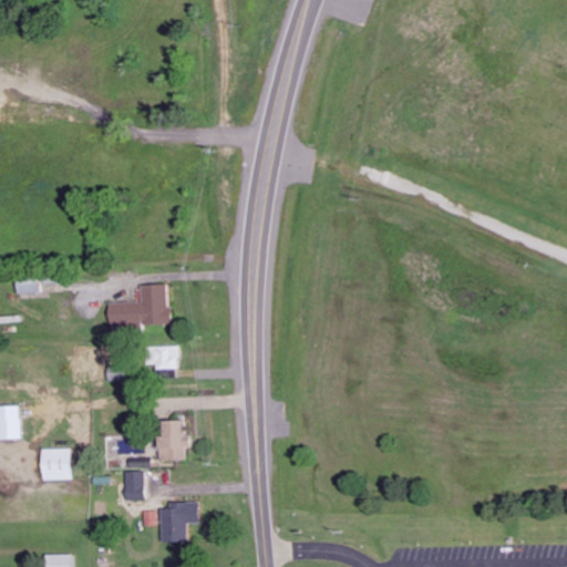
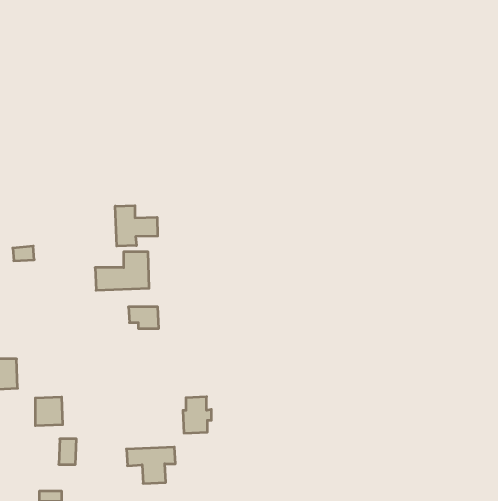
building: none -> [115,206,158,246]
building: [156,420,188,461] -> [183,397,211,433]
building: [124,472,144,501] -> [59,439,76,464]

